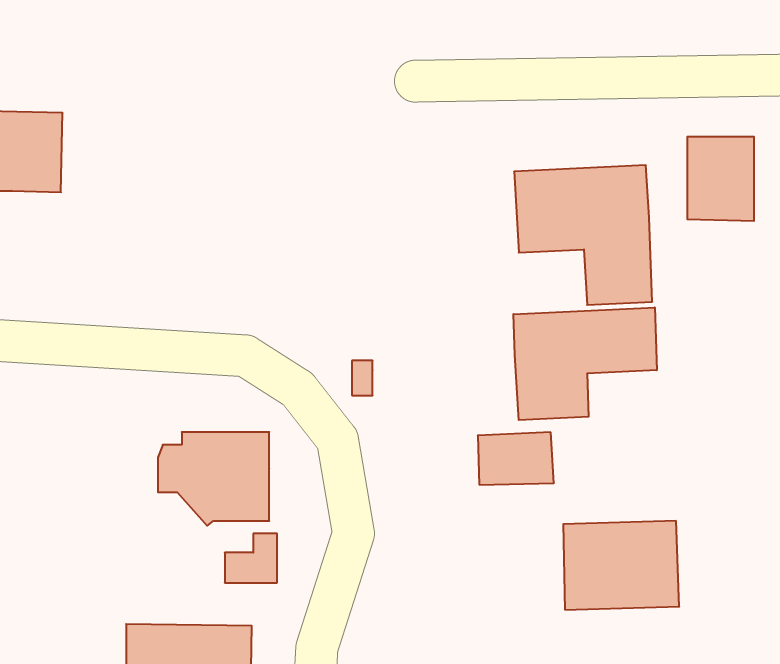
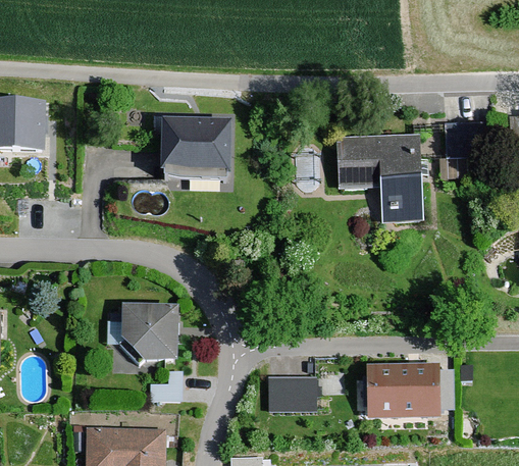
building: none -> [160,118,231,174]
building: [513,307,657,420] -> none
building: [478,432,554,485] -> [267,377,316,411]

